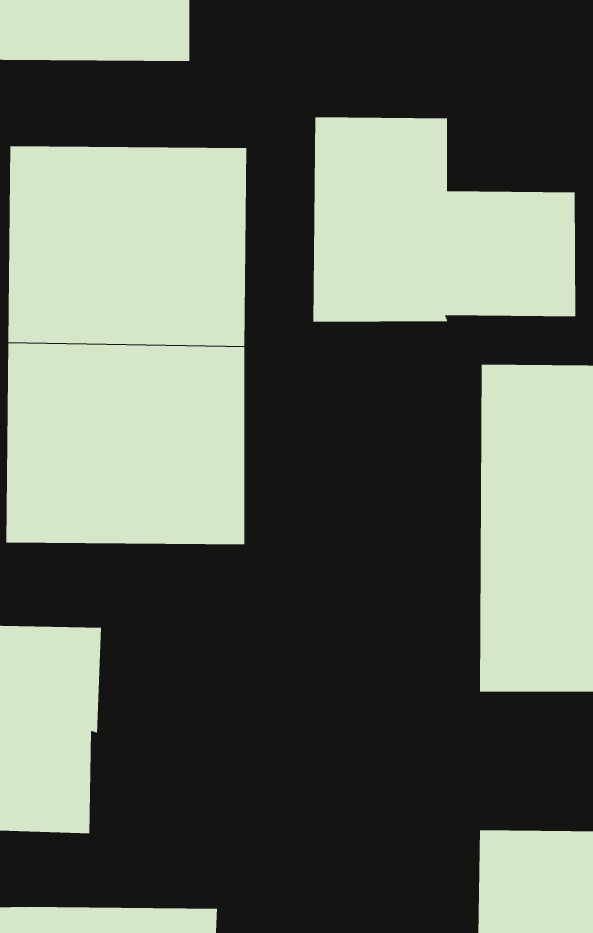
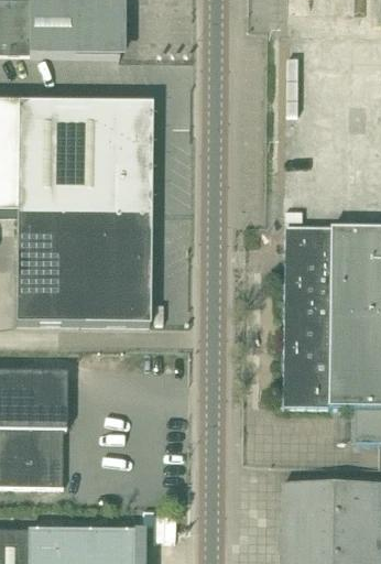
building: [313,116,576,323] -> none

